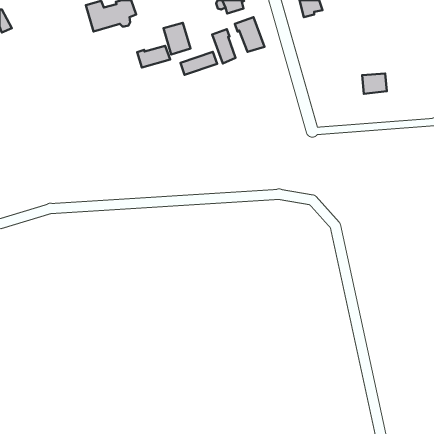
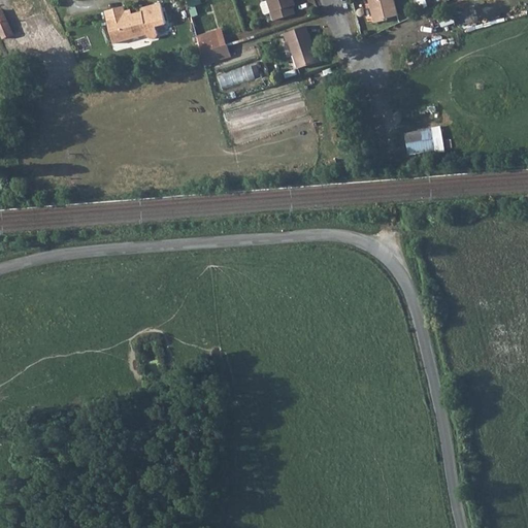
building: [212,29,236,64] -> none
building: [137,46,170,68] -> none
building: [362,73,387,94] -> [406,130,436,155]

